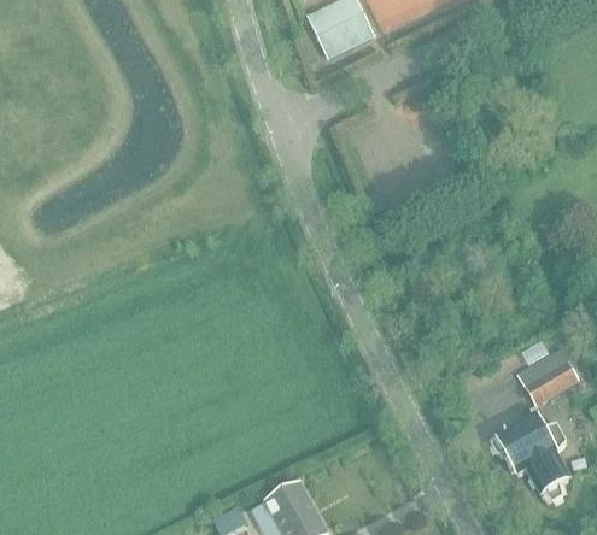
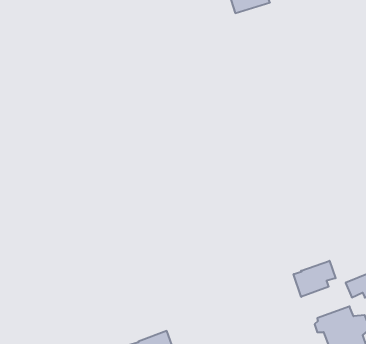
building: none -> [294,261,336,297]

